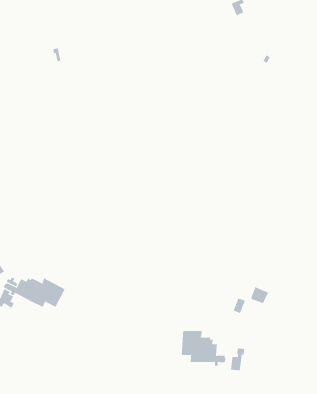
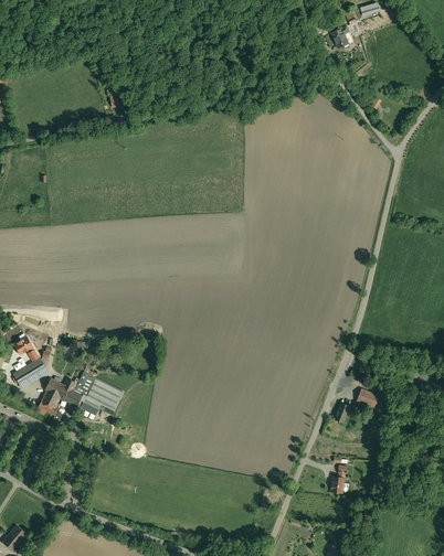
building: [181,330,226,367] -> none

